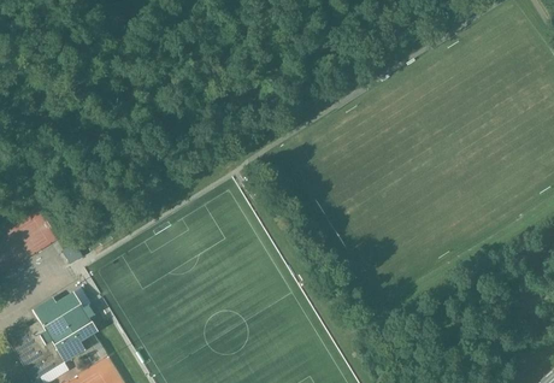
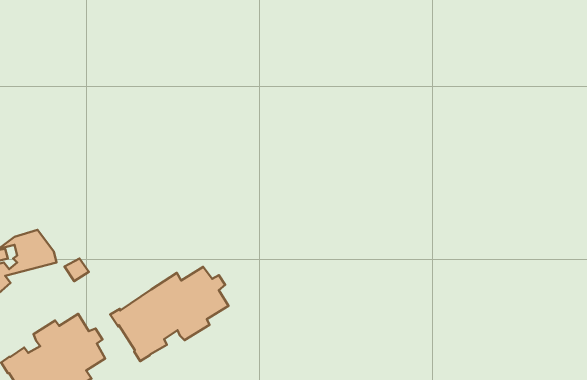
building: none -> [110,267,229,361]

